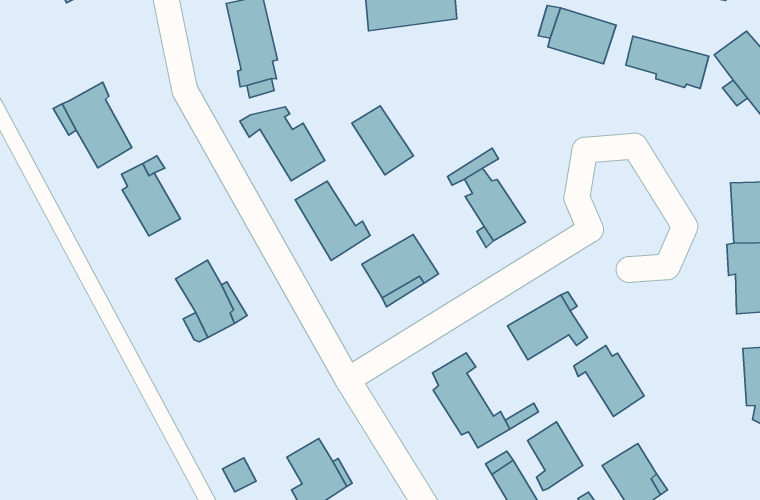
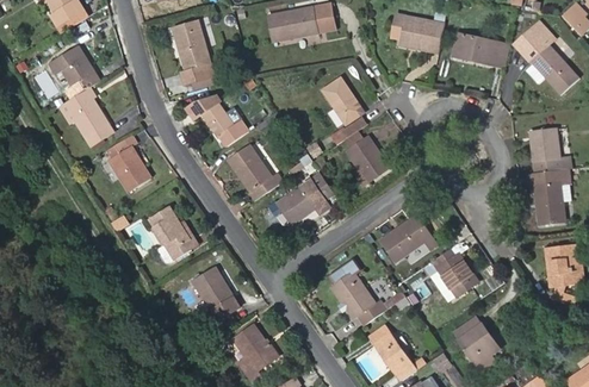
building: none -> [49,48,98,101]
building: [352,106,413,175] -> [321,77,365,125]
building: none -> [192,267,240,332]
building: [527,422,583,490] -> none

